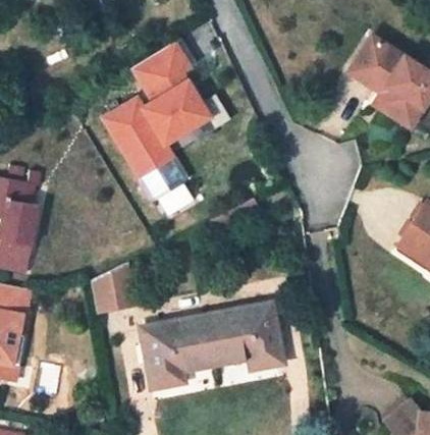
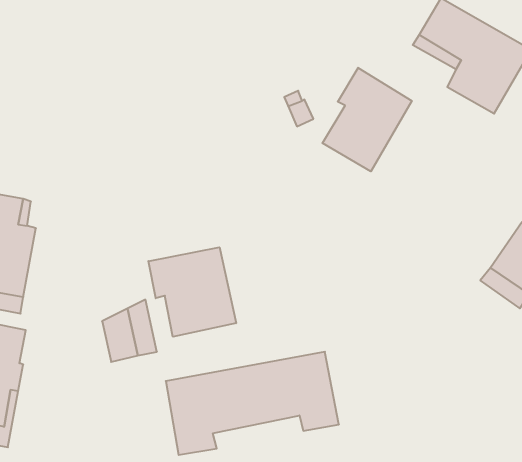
building: [104,41,219,219] -> none
building: none -> [322,68,412,171]
building: none -> [148,247,236,337]

